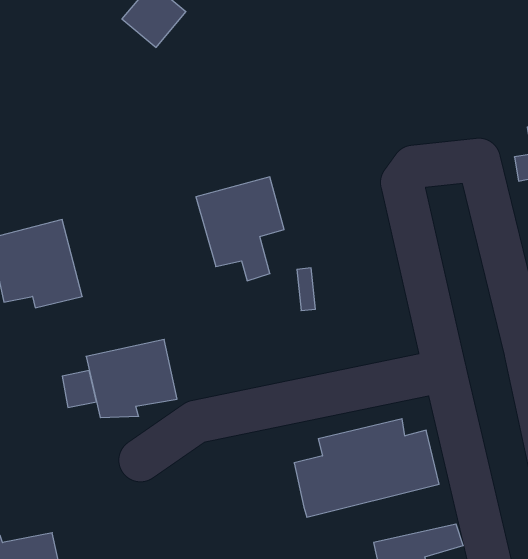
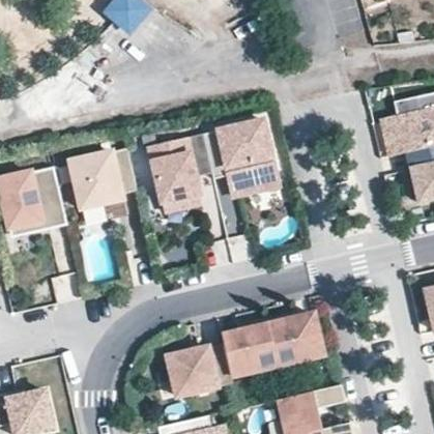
building: none -> [202,122,279,197]
building: [86,339,177,418] -> [69,149,136,206]
building: none -> [166,342,229,394]

